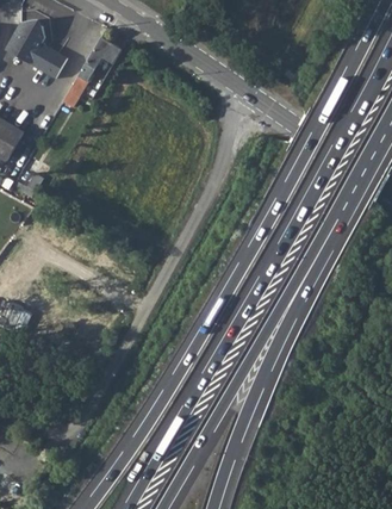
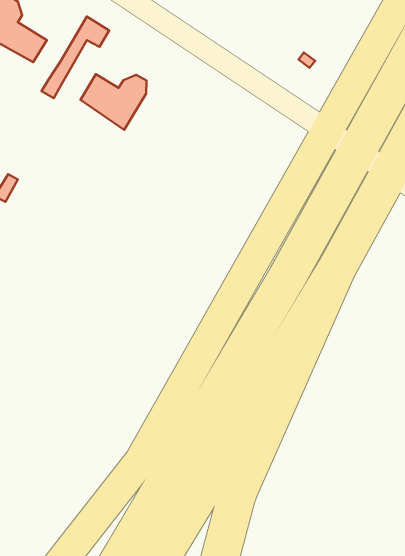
building: none -> [80,74,147,130]

